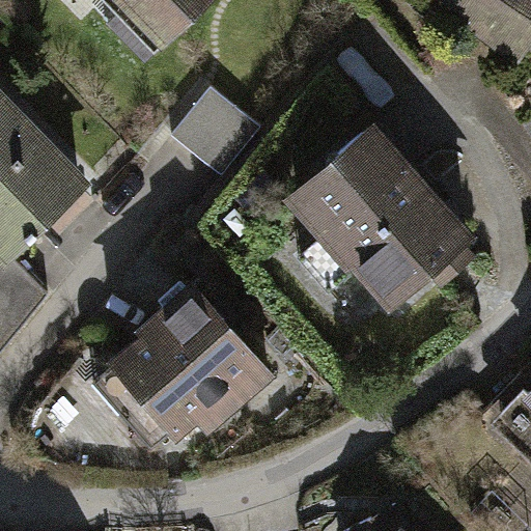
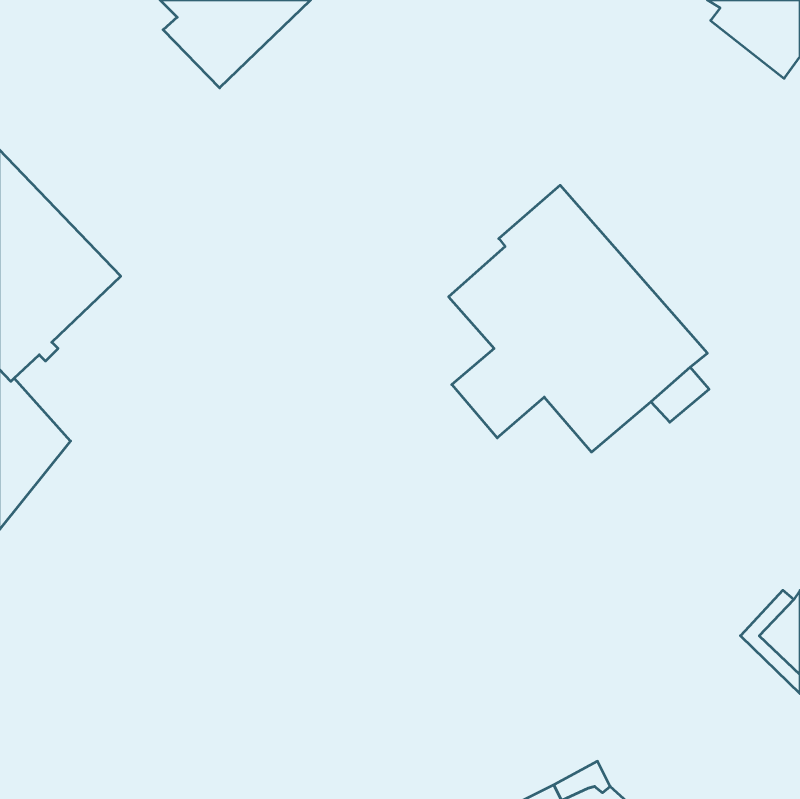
building: [171,87,261,176] -> none
building: [92,280,268,450] -> none

